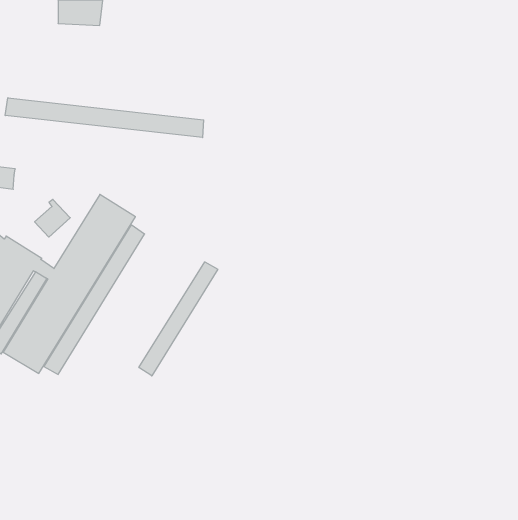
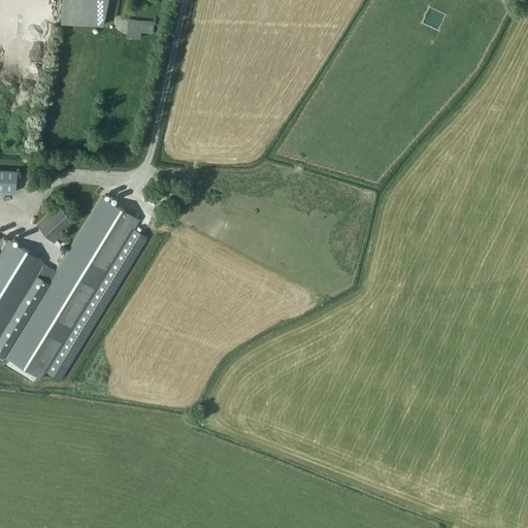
building: none -> [124,19,153,38]
building: [5,98,204,138] -> none
building: [139,262,218,376] -> none

